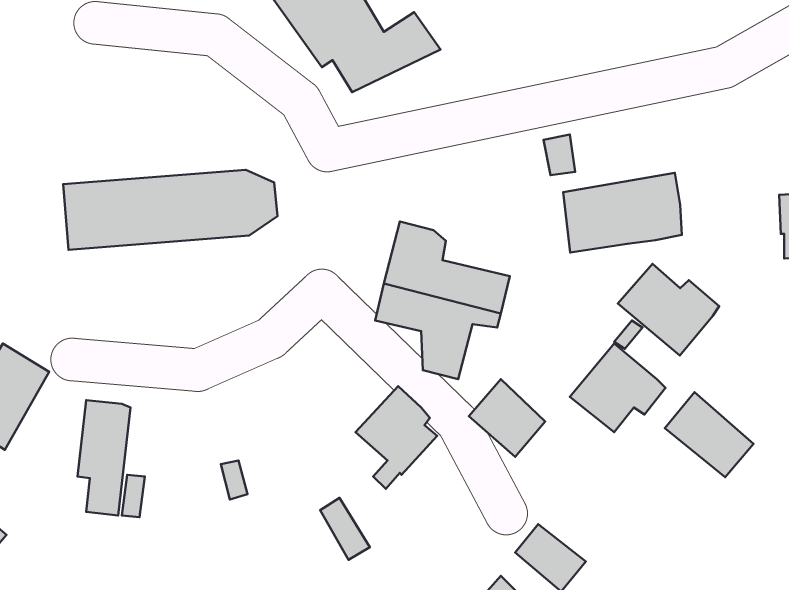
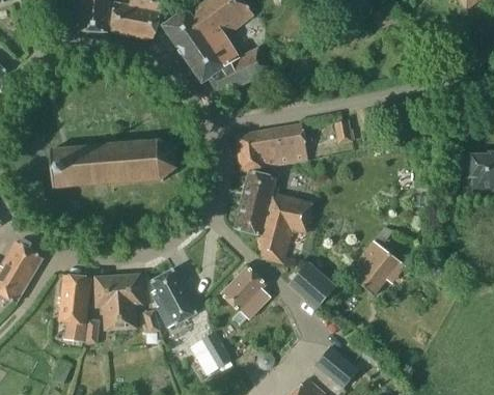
building: [563,173,682,253] -> [238,123,307,170]
building: [618,264,719,355] -> none
building: none -> [152,270,196,327]
building: [665,392,753,477] -> none
building: none -> [97,274,142,329]

